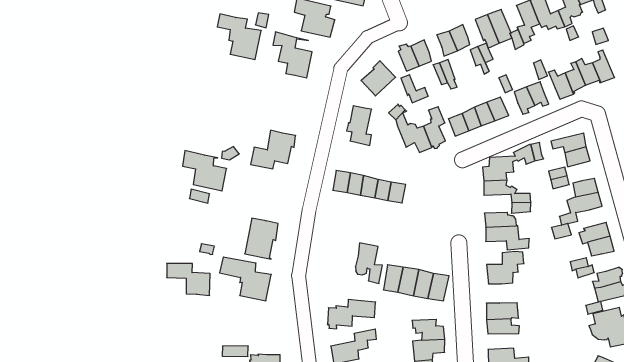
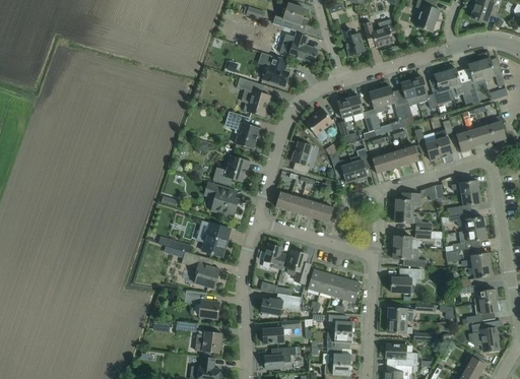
building: [217,14,261,60] -> [225,111,260,149]
building: [183,151,227,191] -> [204,182,239,216]
building: none -> [263,243,286,269]
building: [167,263,210,295] -> [185,291,219,319]

